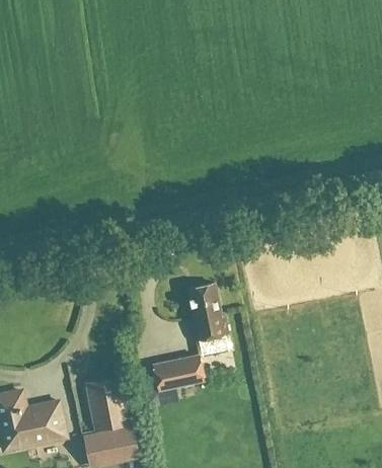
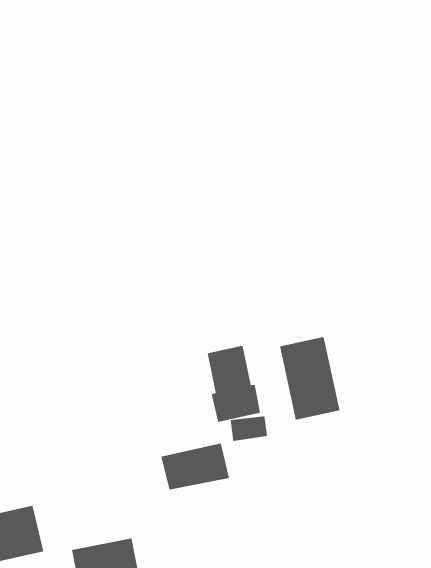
building: none -> [279,336,340,421]
building: [87,383,126,431] -> none

